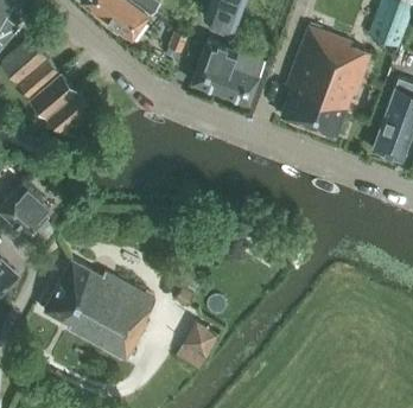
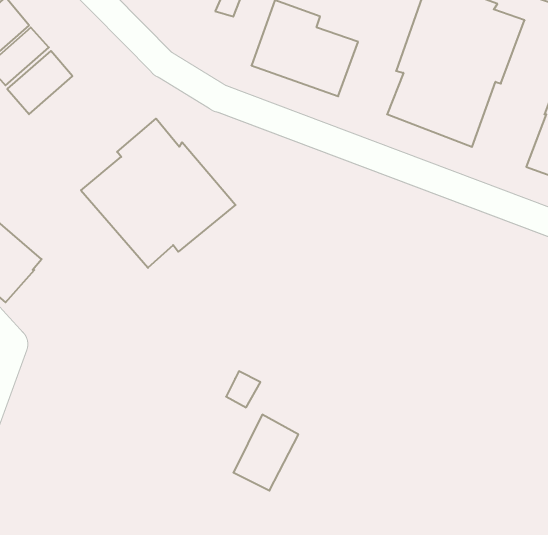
building: [47,94,97,139] -> none
building: none -> [81,119,236,268]
building: [43,260,154,362] -> none

